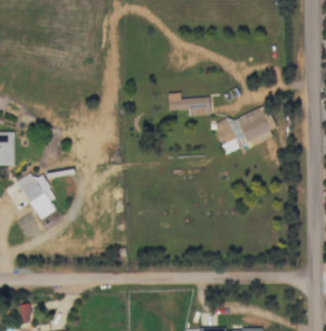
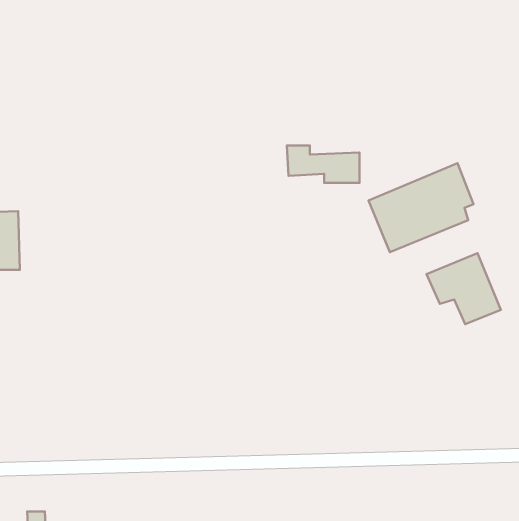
building: none -> [426,253,501,324]
building: [16,172,56,219] -> none

